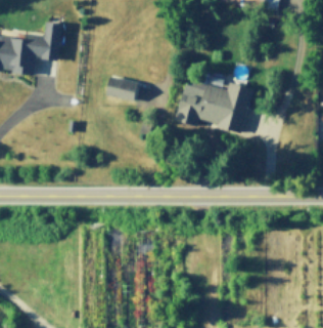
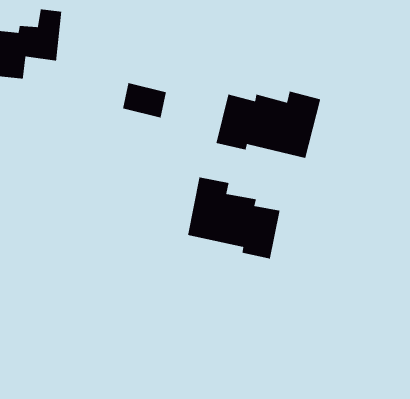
building: none -> [187,176,281,260]

